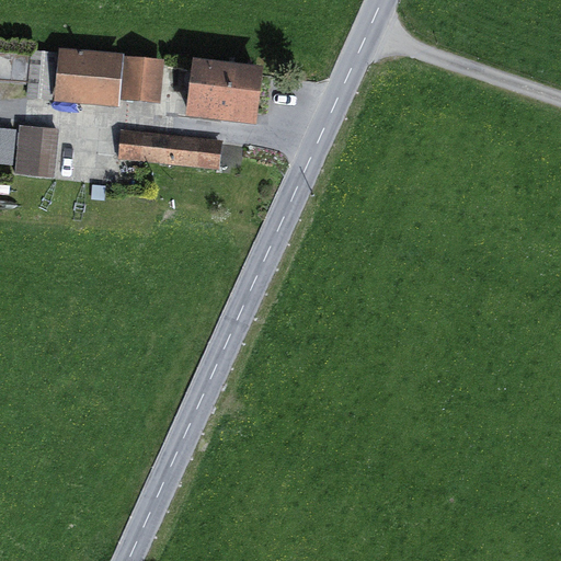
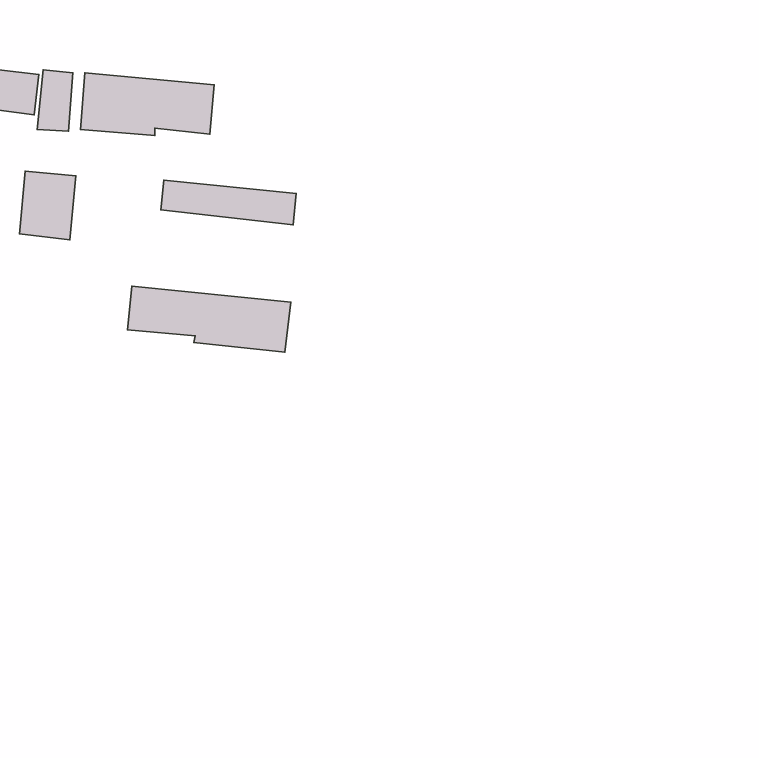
building: [190,66,255,121] -> none
building: none -> [127,286,291,352]

